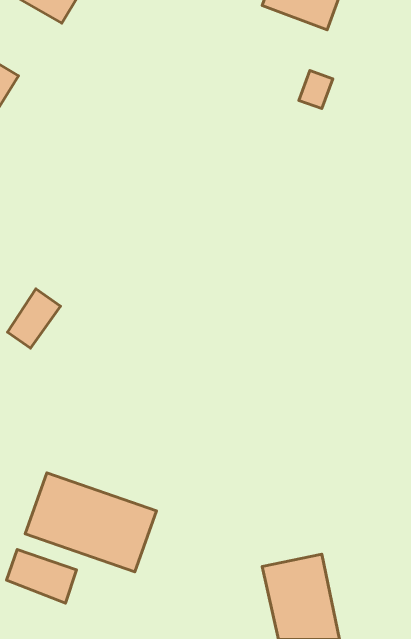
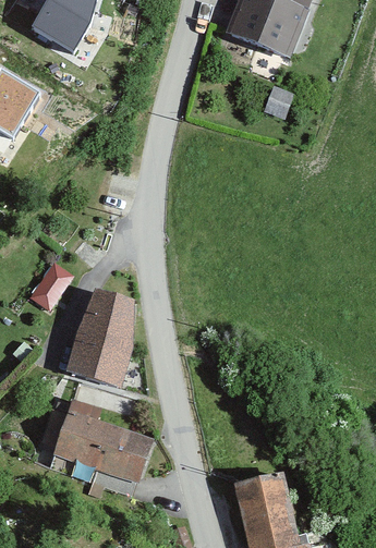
building: none -> [70,291,136,383]
building: [6,549,77,603] -> none

